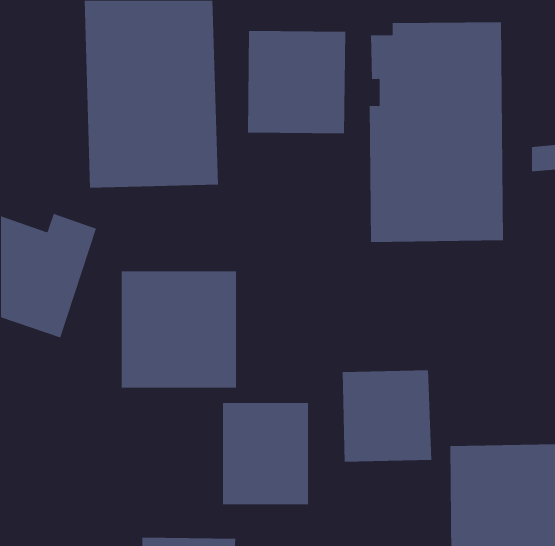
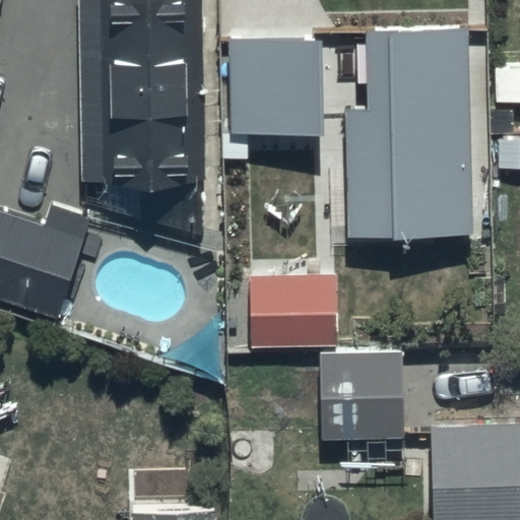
building: [121,271,237,388] -> none
building: none -> [251,279,335,349]
building: [222,402,309,505] -> none

